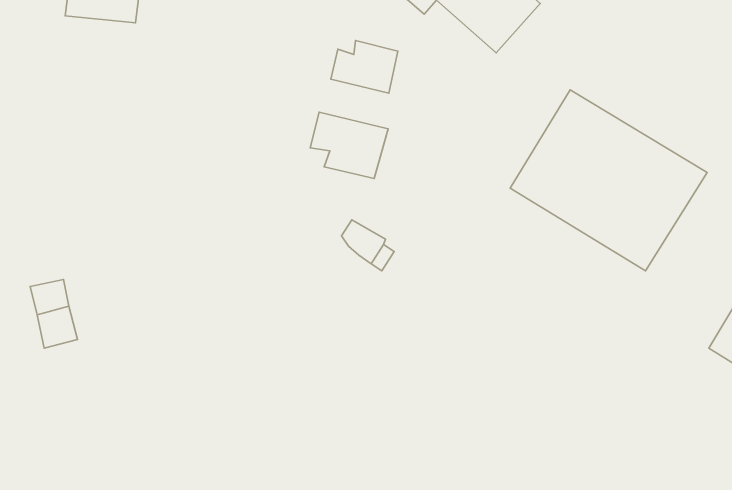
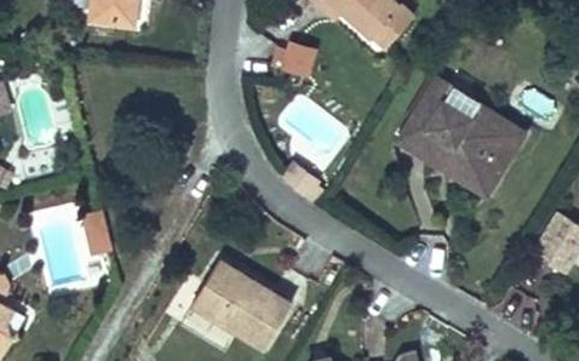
building: [310,112,388,179] -> none
building: none -> [190,257,291,344]

